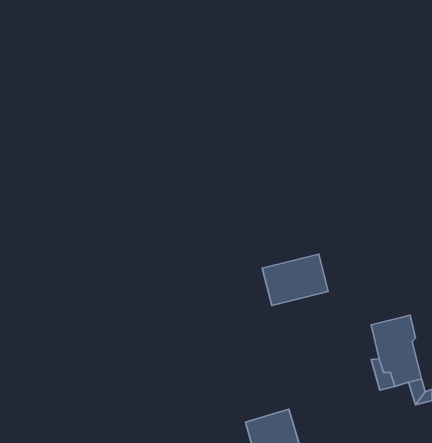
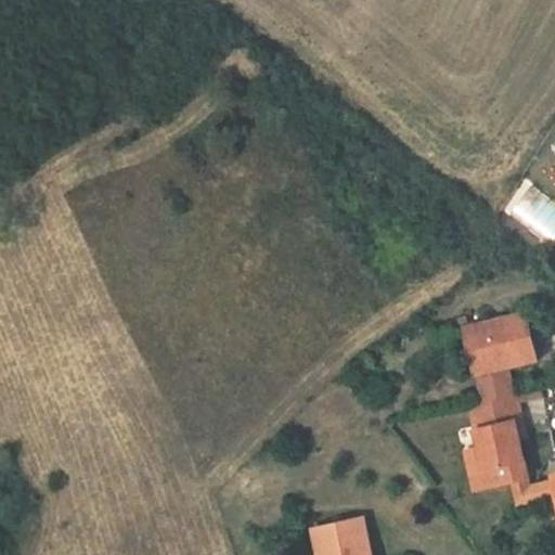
building: [262,254,328,306] -> [453,315,535,379]

